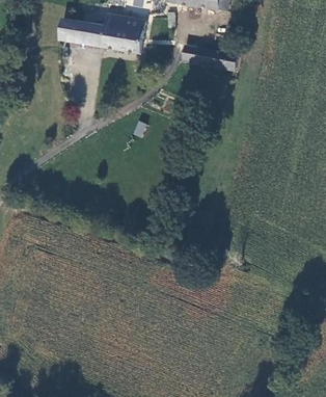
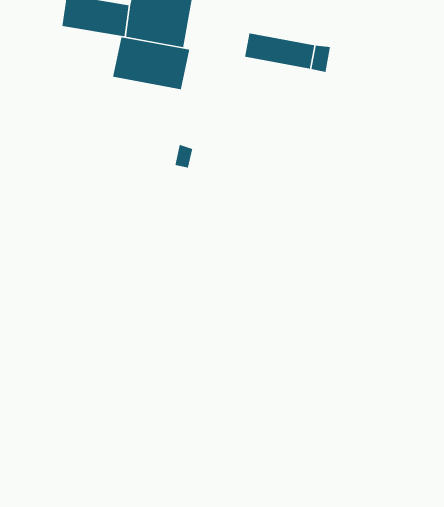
building: none -> [112,36,190,90]

